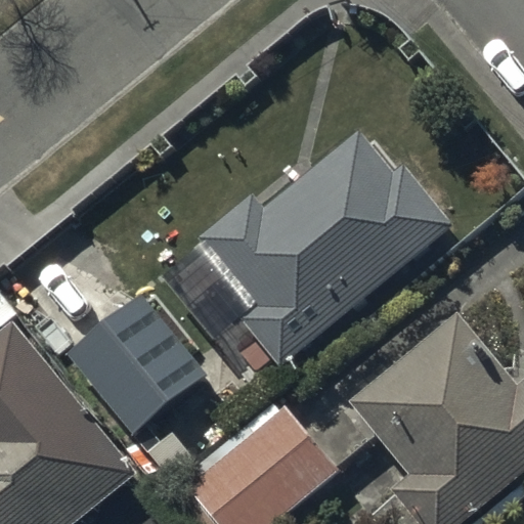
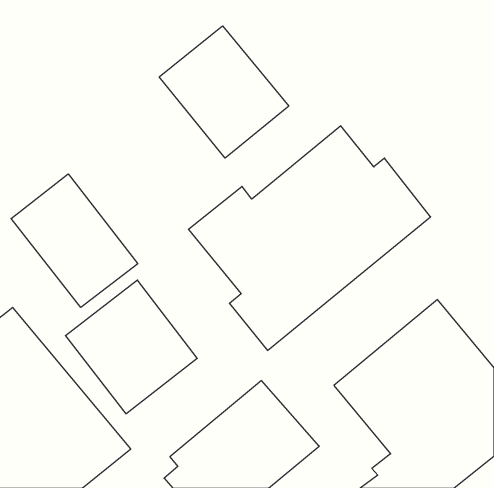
building: none -> [159,26,289,158]
building: none -> [11,174,138,307]

